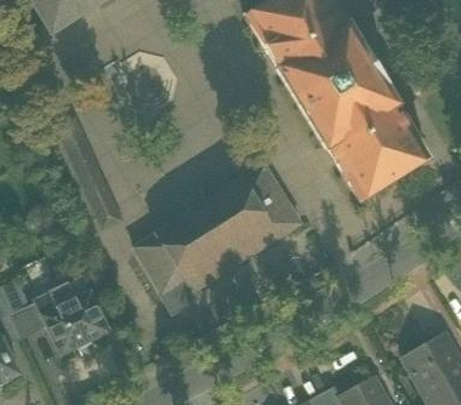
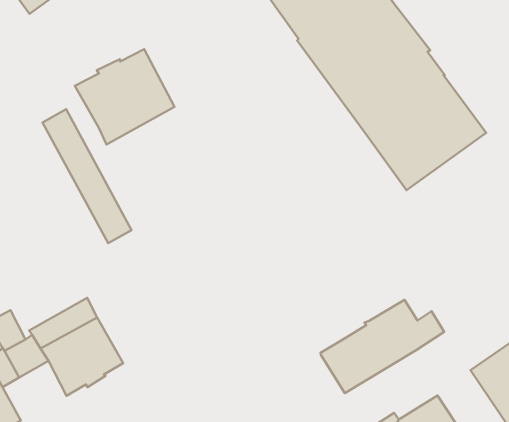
building: none -> [75,49,175,144]
building: [132,165,300,314] -> none
building: none -> [321,300,444,393]

